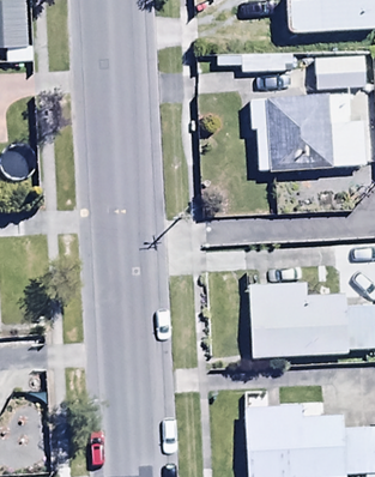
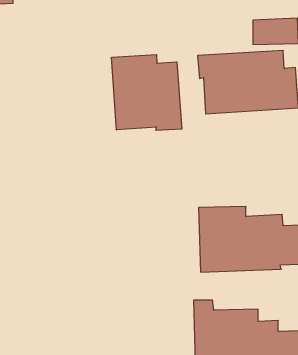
building: none -> [112,55,182,130]

